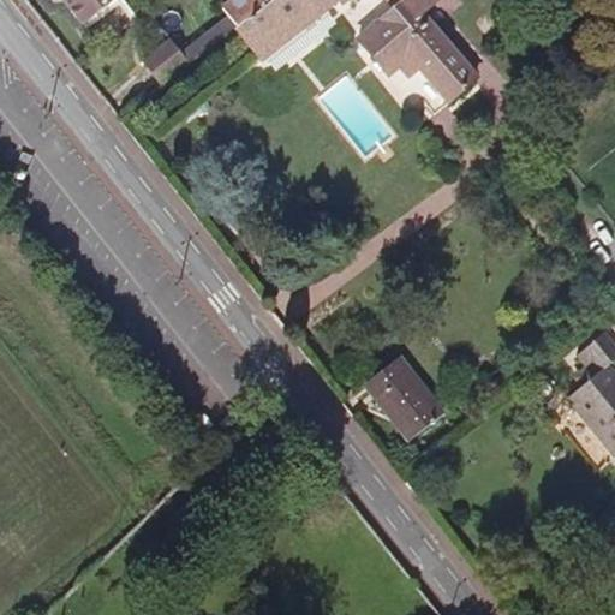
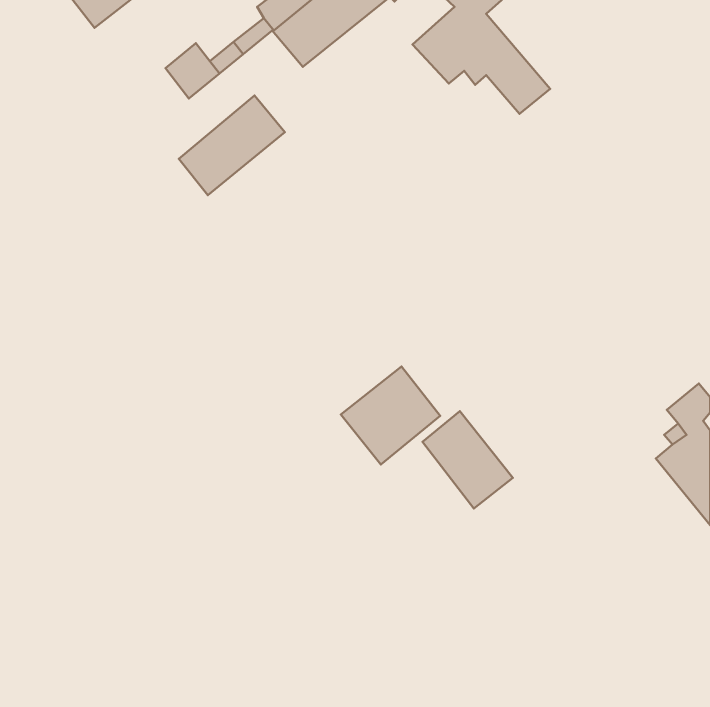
building: none -> [179,95,285,195]
building: none -> [341,366,440,465]

